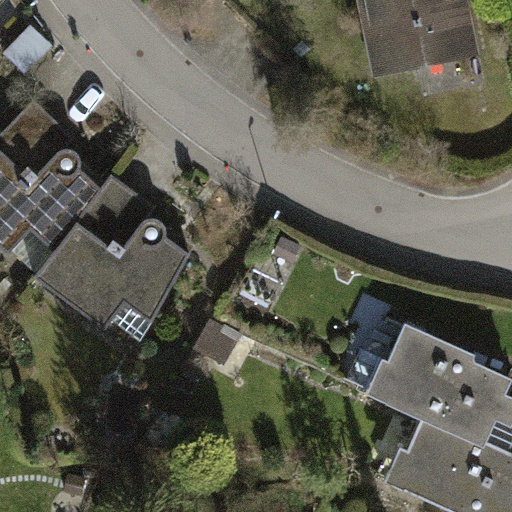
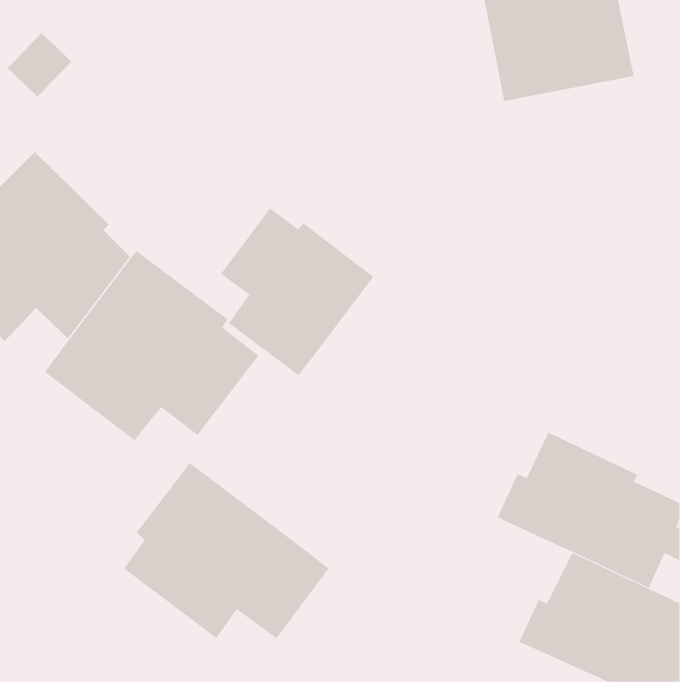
building: none -> [220,208,374,376]
building: none -> [123,462,330,639]

